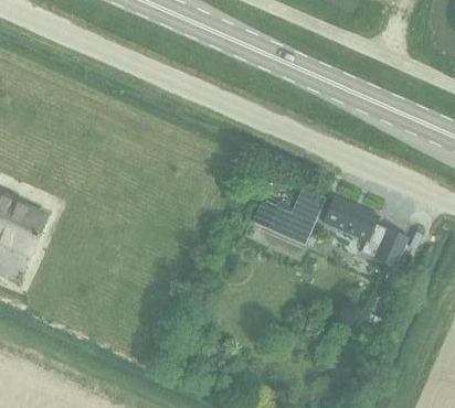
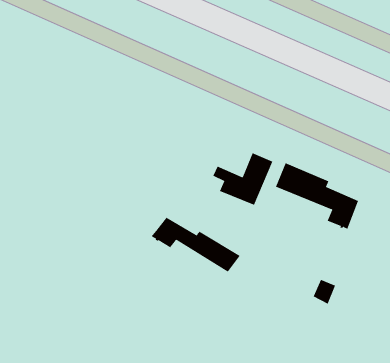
building: none -> [151,217,241,273]

